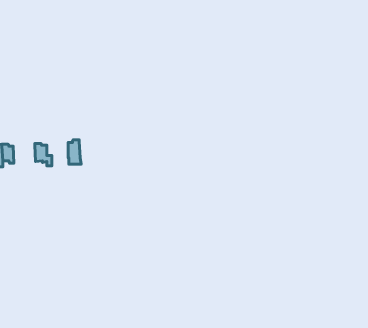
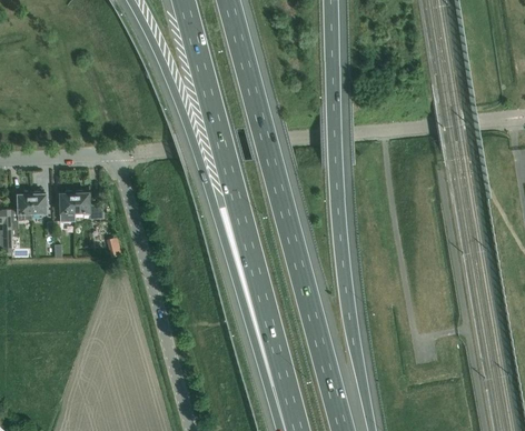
building: [68,140,81,164] -> [59,190,76,221]

